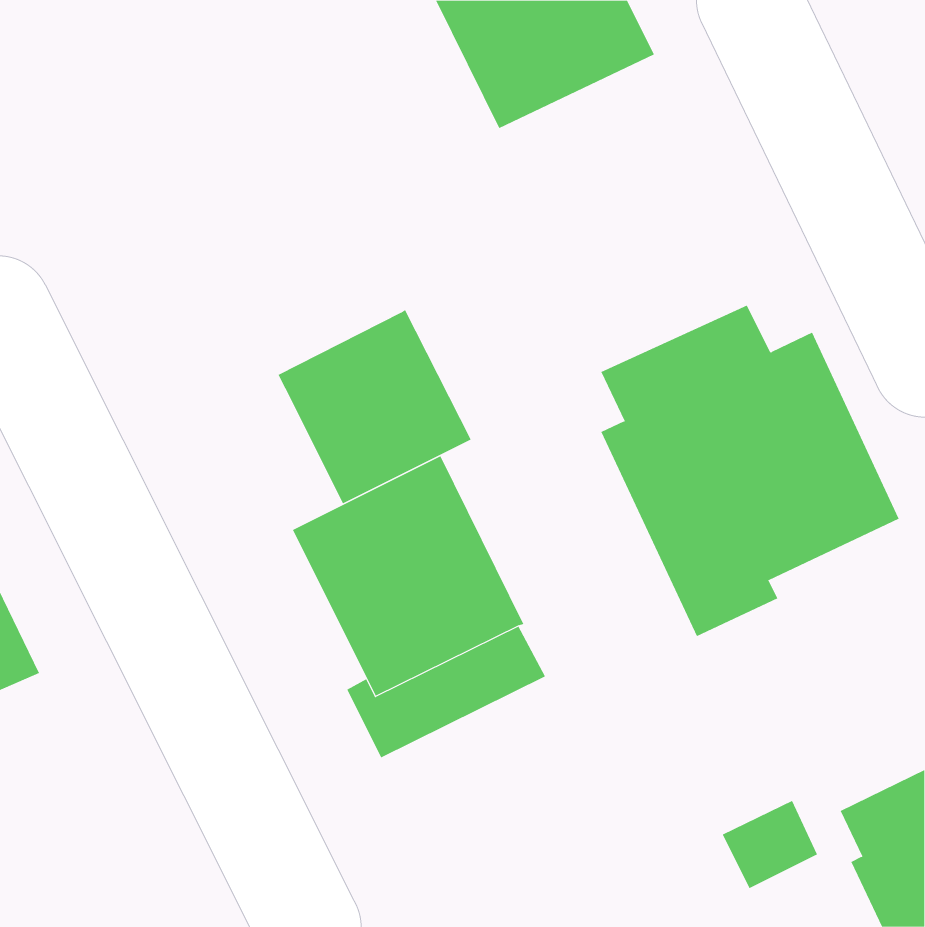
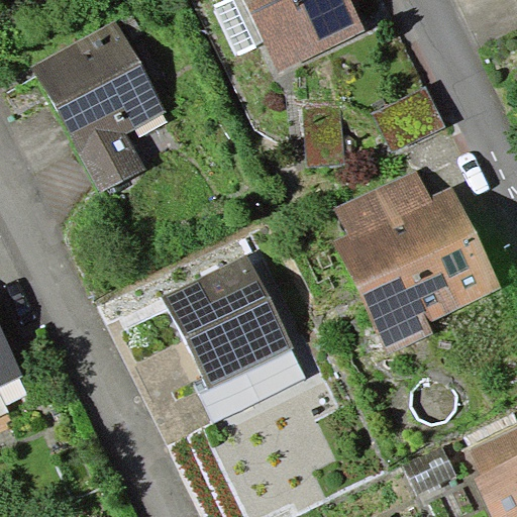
building: none -> [32,21,166,193]
building: [278,309,471,504] -> none

